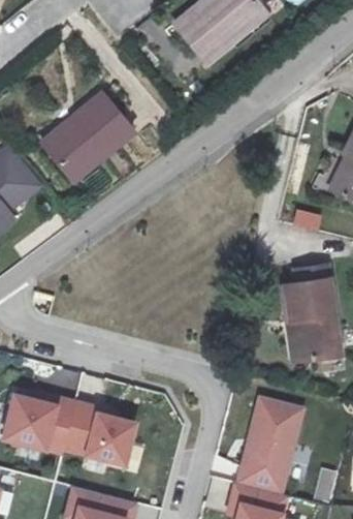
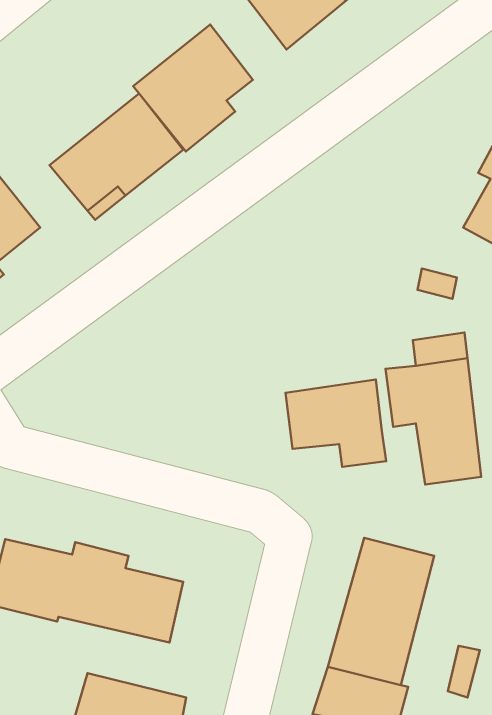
building: none -> [133,25,253,151]
building: none -> [285,379,386,467]

